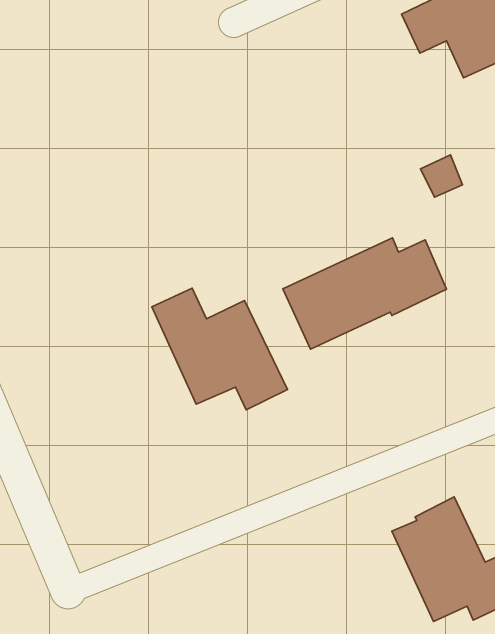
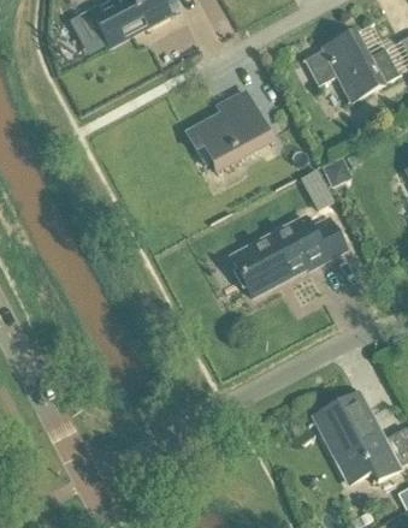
building: none -> [187,90,272,168]
building: [152,288,287,410] -> none

